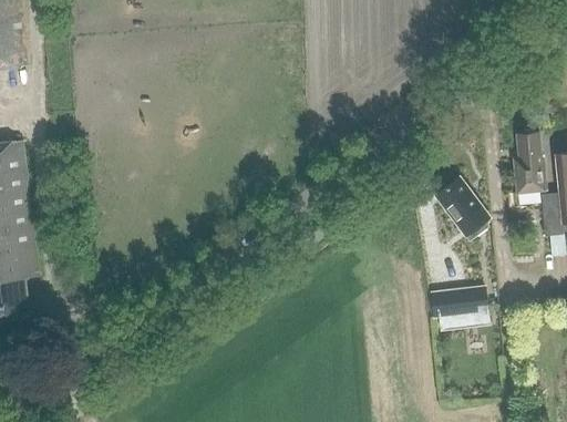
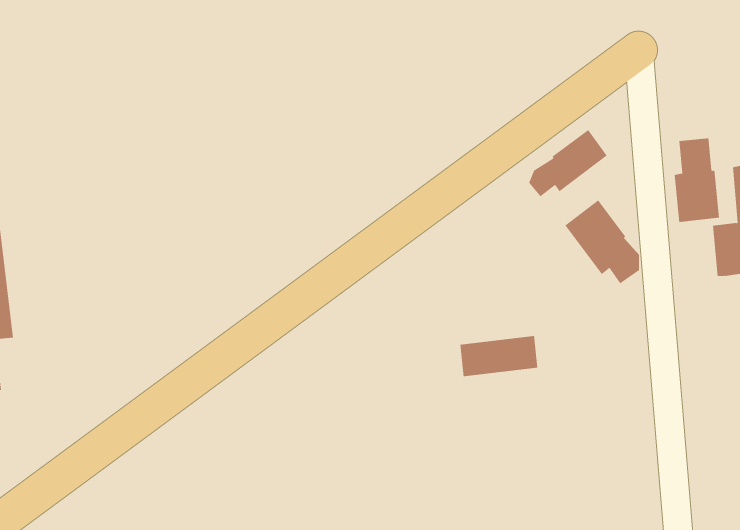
building: none -> [529,129,608,197]
building: [431,286,487,316] -> [460,335,538,377]

